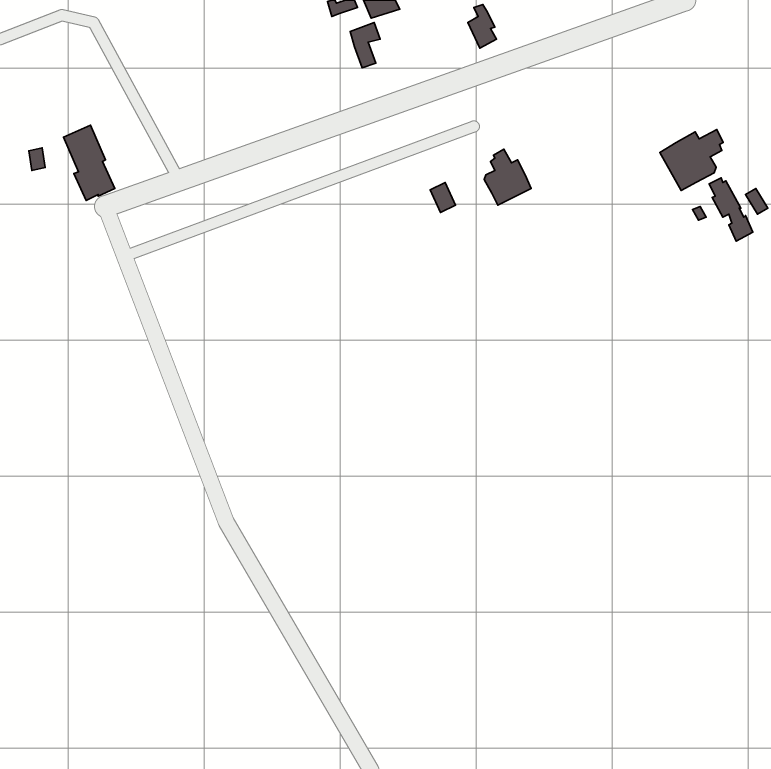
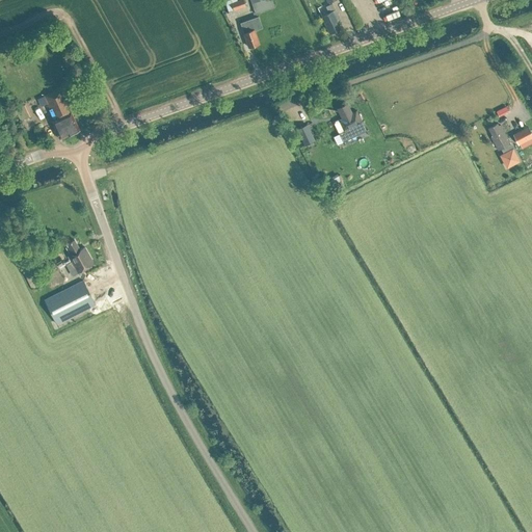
building: [660,130,723,191] -> none
building: none -> [66,240,95,273]
building: none -> [45,281,96,324]

